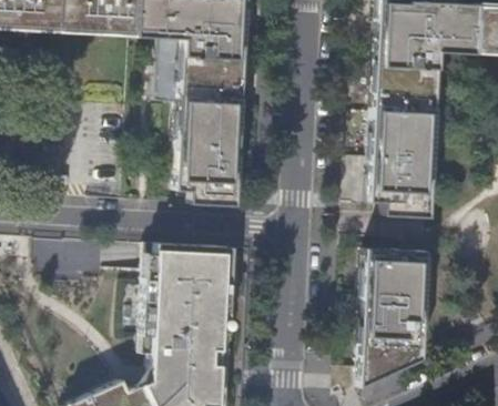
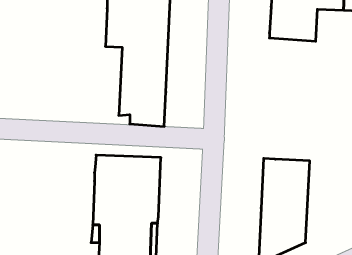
building: [368,89,435,217] -> none

